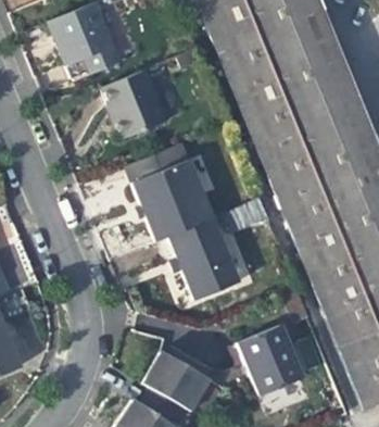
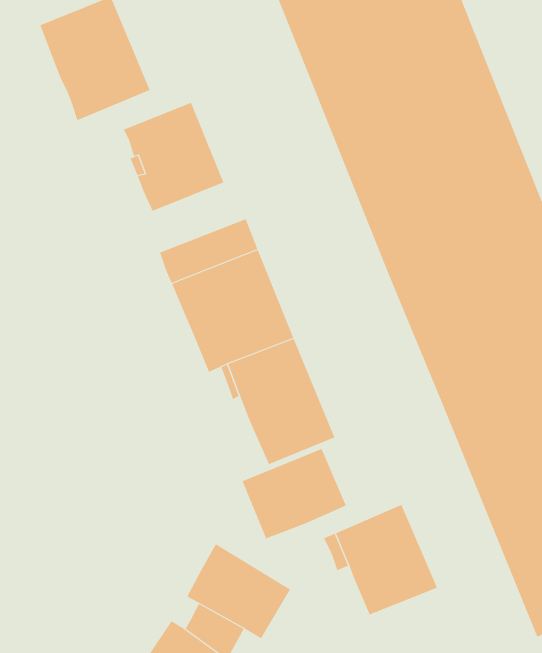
building: none -> [242,448,347,539]

